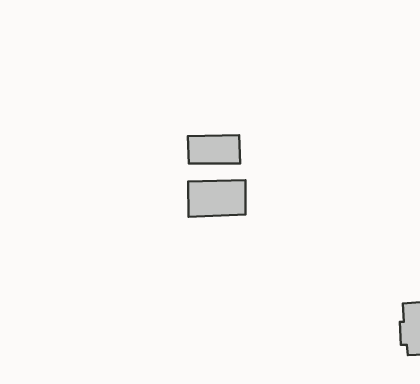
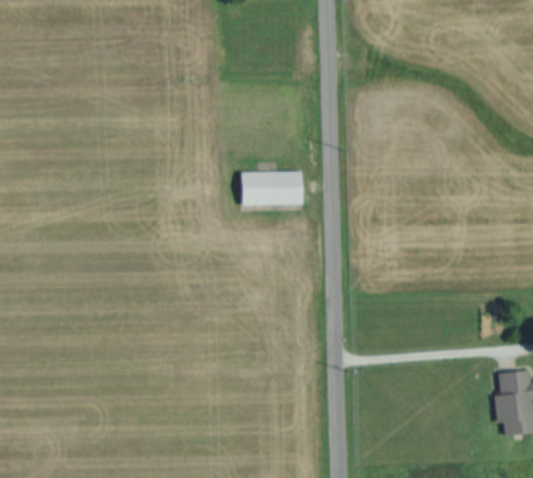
building: [188,180,246,217] -> none

